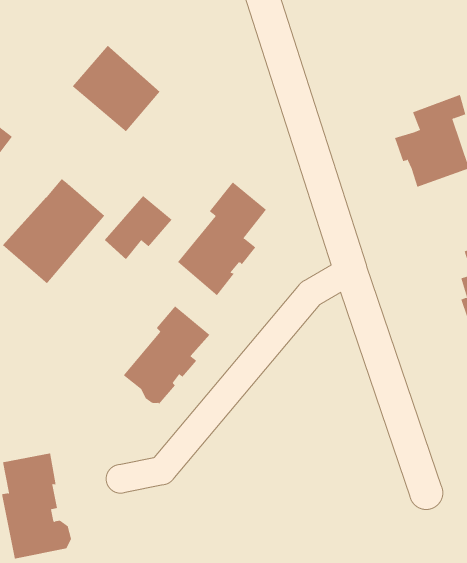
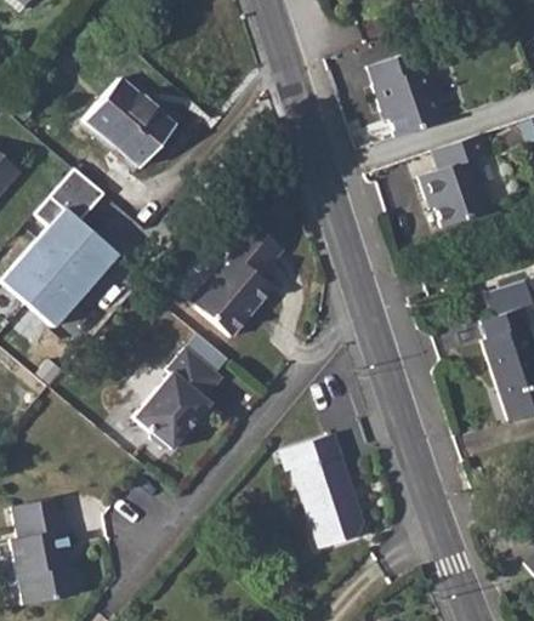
building: none -> [363,49,438,137]
building: [104,195,172,260] -> [34,169,104,235]
building: none -> [284,432,365,546]

